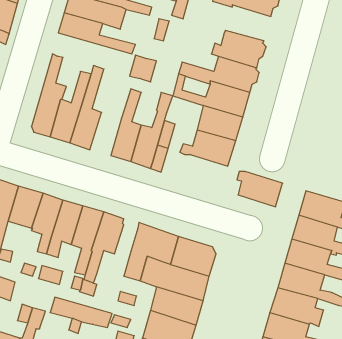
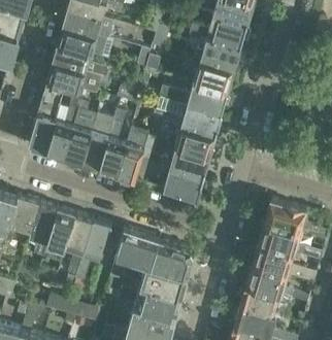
building: none -> [193,38,243,70]
building: none -> [46,63,109,91]
building: none -> [80,117,113,171]
building: [237,172,283,207] -> [162,170,202,201]

